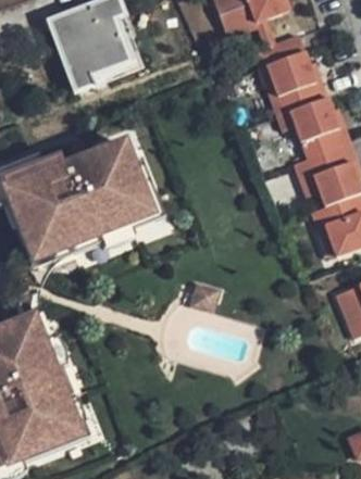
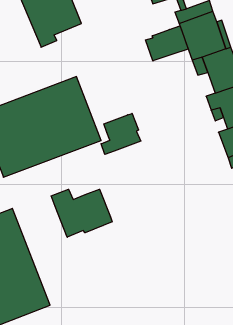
building: none -> [145,26,188,61]
building: none -> [101,113,141,154]
building: none -> [51,189,112,237]

